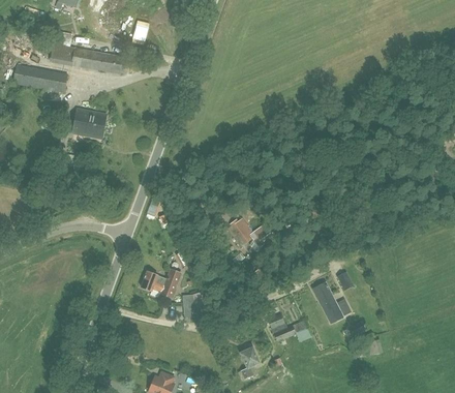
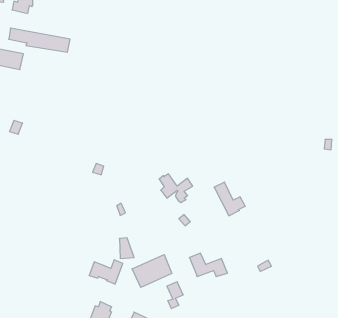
building: [72,109,107,139] -> none
building: [141,269,181,298] -> [89,260,123,284]
building: [313,282,351,323] -> [214,182,245,216]
building: none -> [132,255,172,287]

